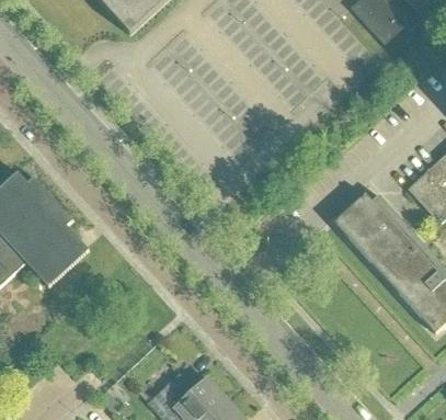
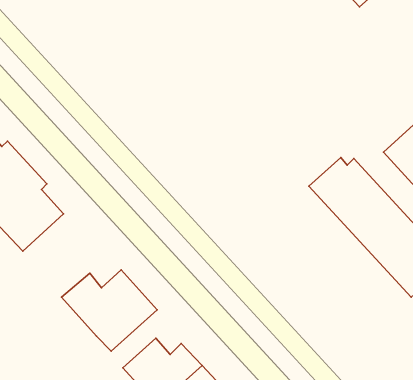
building: none -> [61,270,157,351]

